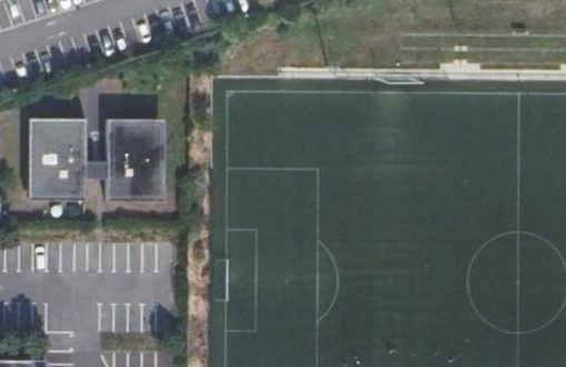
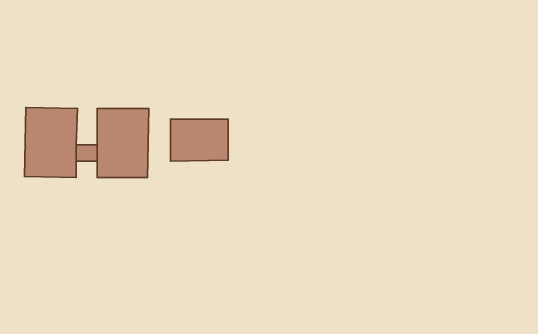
building: none -> [171,119,228,161]

